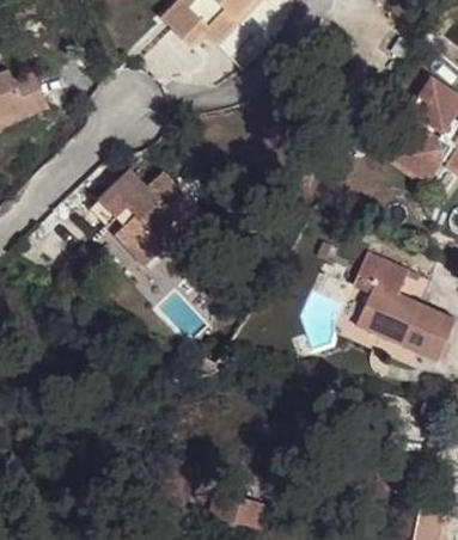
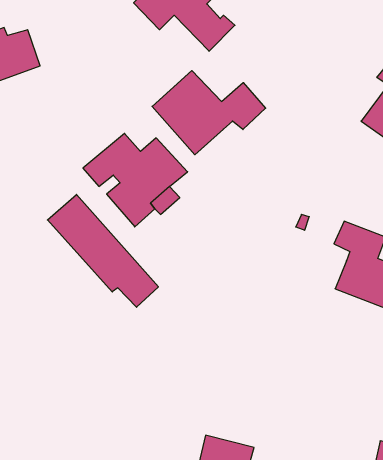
building: none -> [152,71,266,155]
building: none -> [47,194,158,307]

